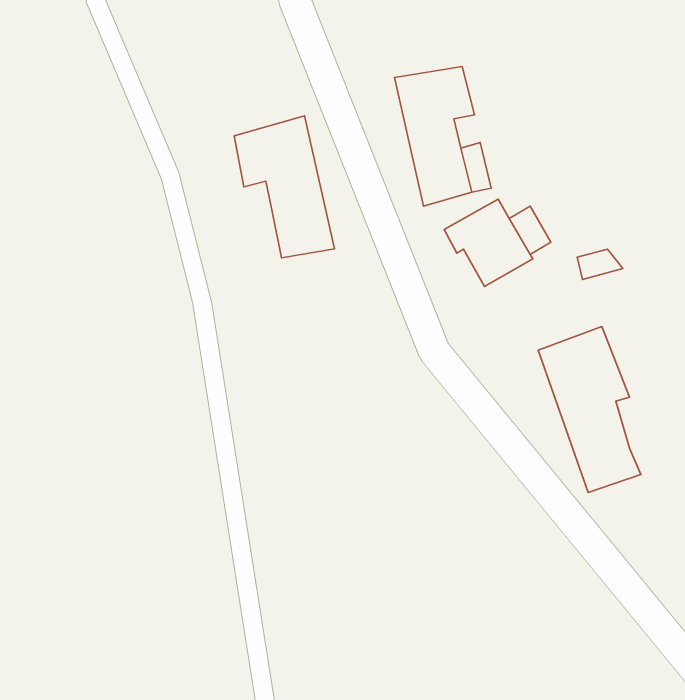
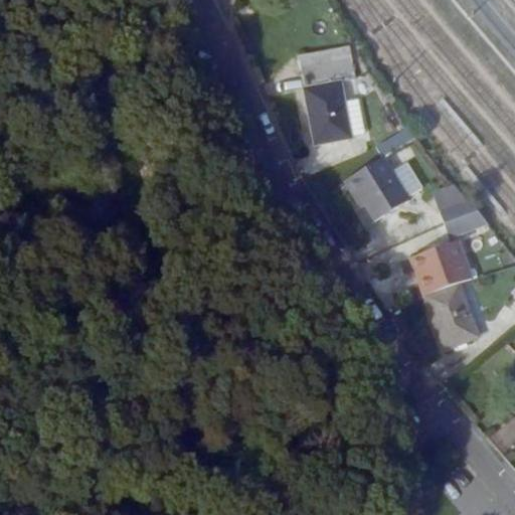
building: [234,116,334,258] -> none
building: none -> [440,200,489,237]

